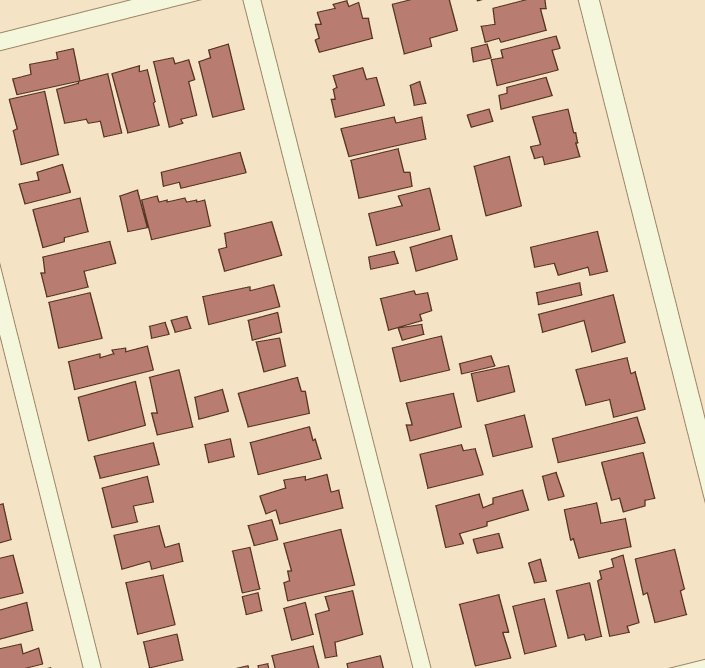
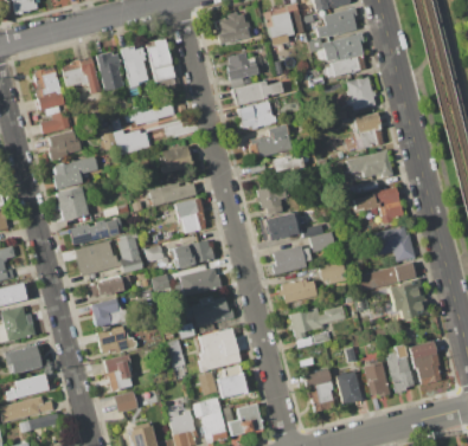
building: [13,49,80,95] -> none
building: [474,156,521,216] -> [355,112,384,148]
building: [565,503,631,558] -> none

